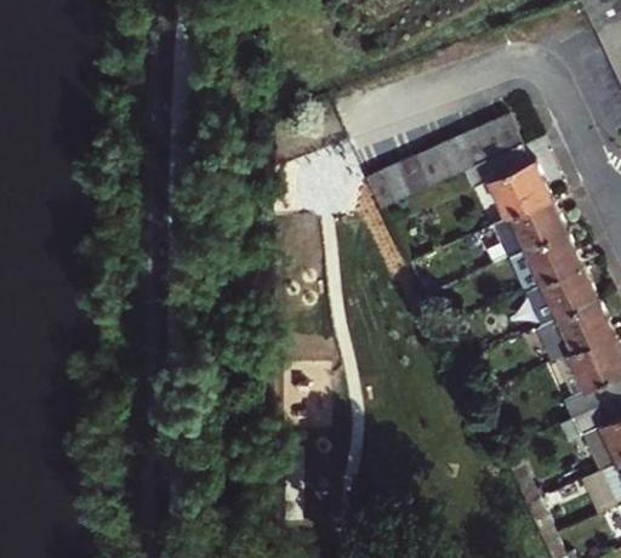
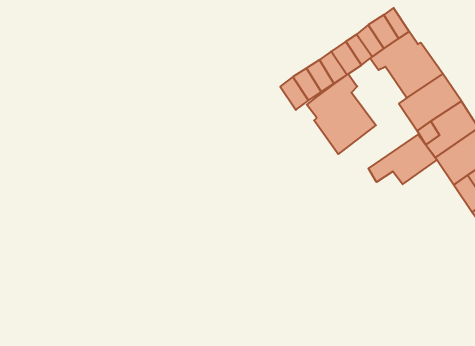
building: none -> [307,74,376,154]
building: none -> [368,134,437,184]

